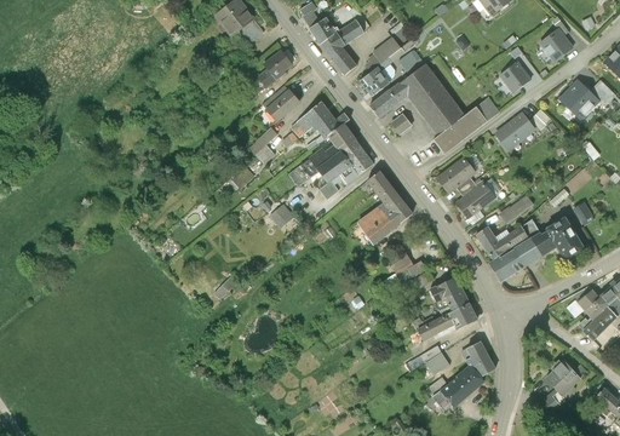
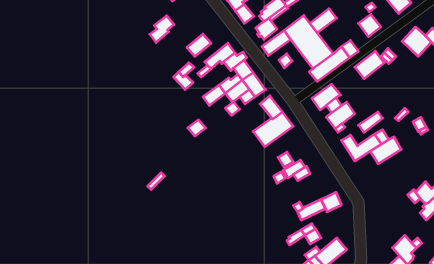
building: [259,50,292,86] -> [150,16,174,43]
building: none -> [310,9,337,33]
building: [547,216,585,257] -> none
building: [489,247,527,280] -> none
building: [430,275,470,310] -> none
building: [463,342,495,377] -> none

